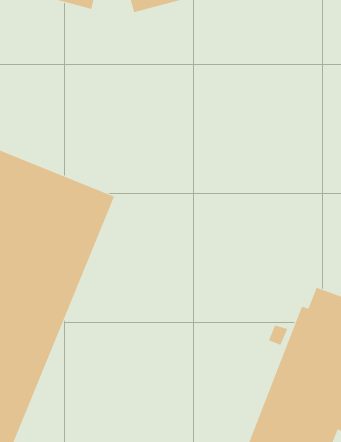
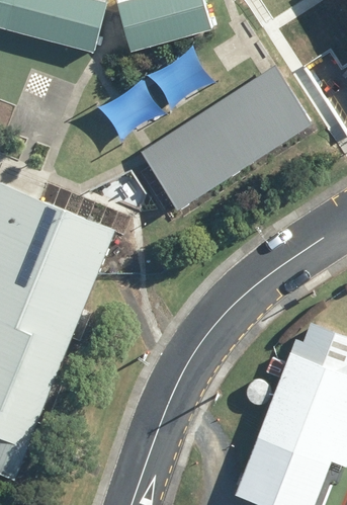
building: none -> [139,66,307,206]

